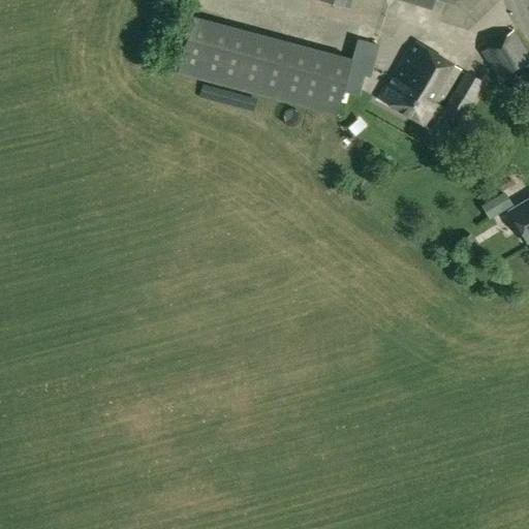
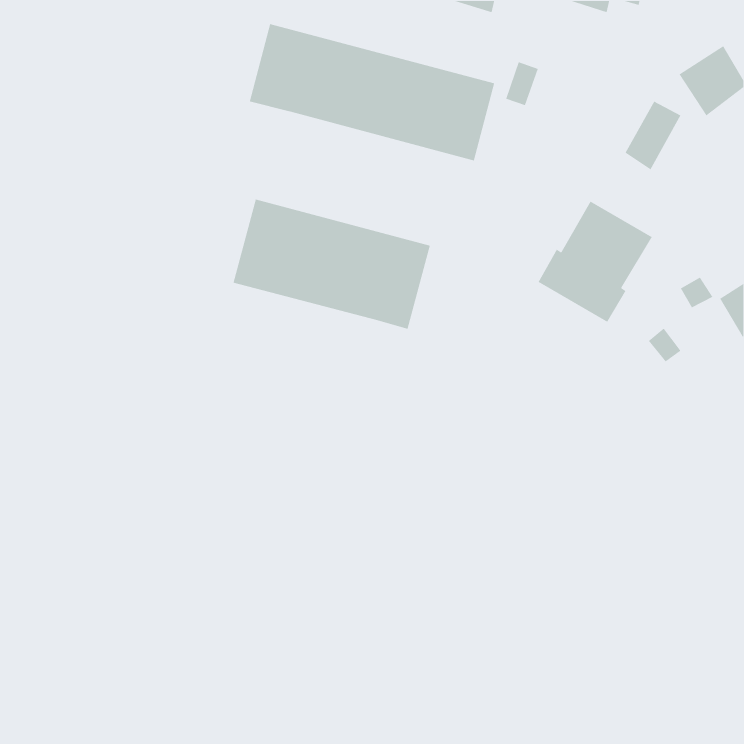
building: [379,42,461,129] -> [538,200,653,323]
building: none -> [232,199,431,330]

